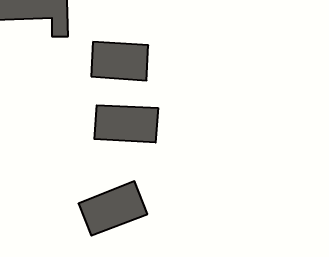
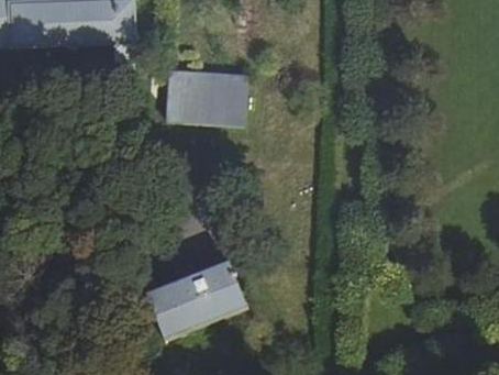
building: [94,105,158,143] -> none

